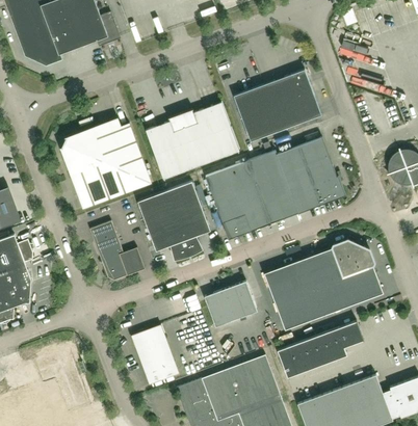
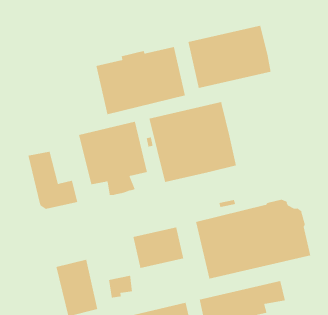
building: [60,117,152,208] -> none
building: [277,137,345,213] -> none

